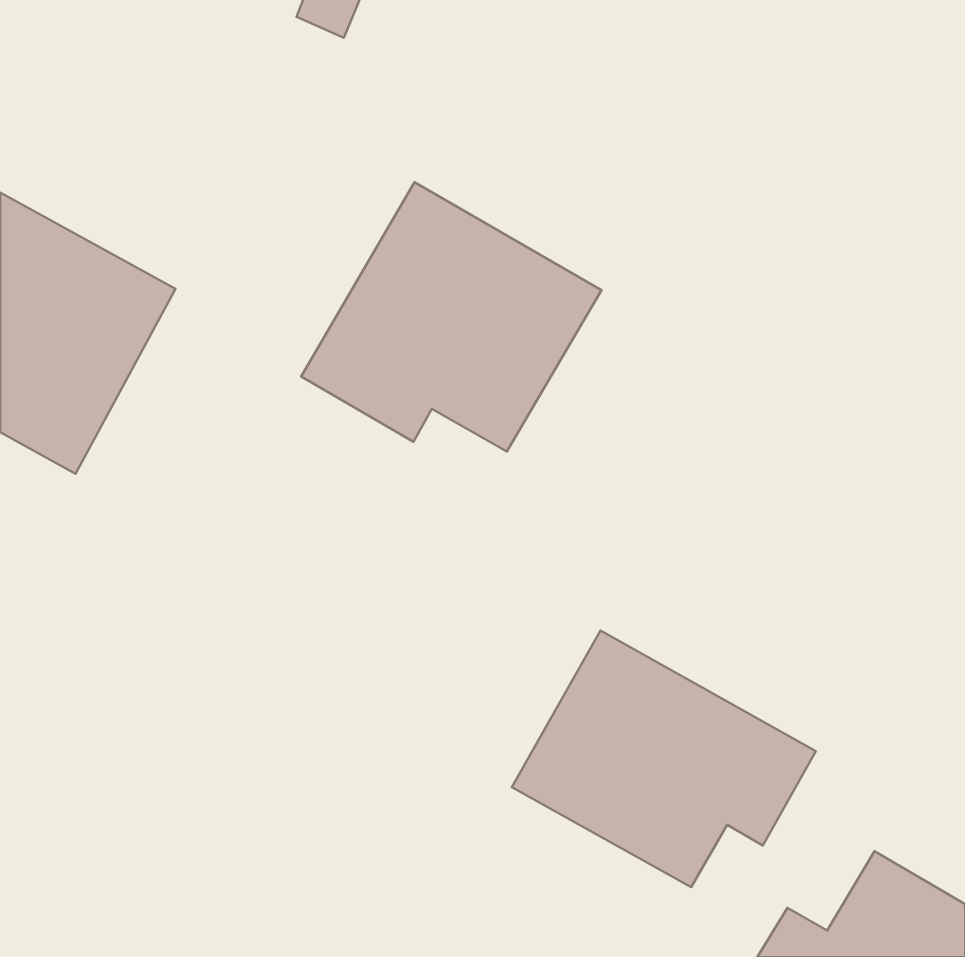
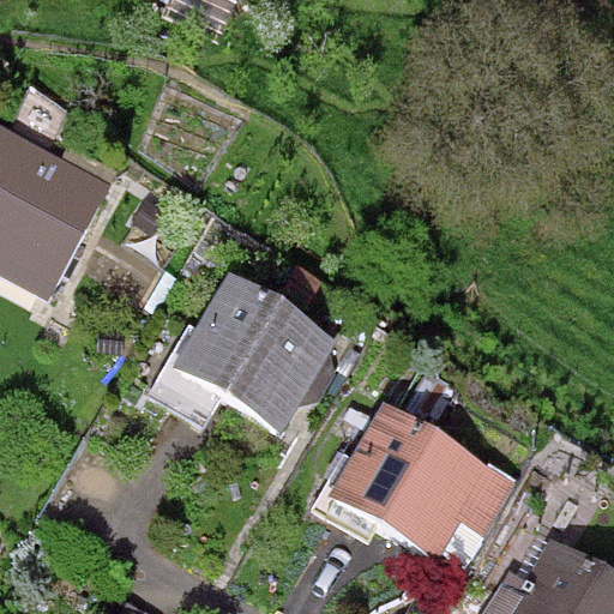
building: [301,182,602,452] -> none
building: none -> [140,275,332,432]

